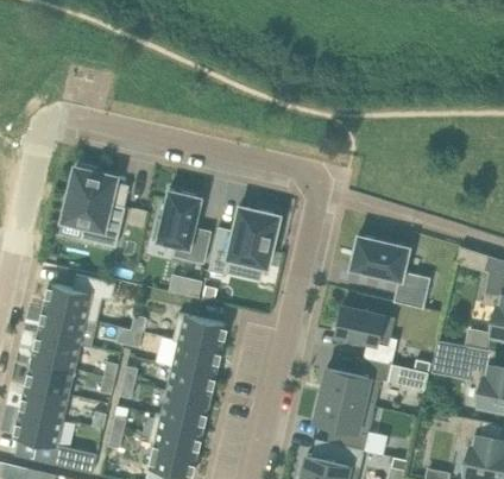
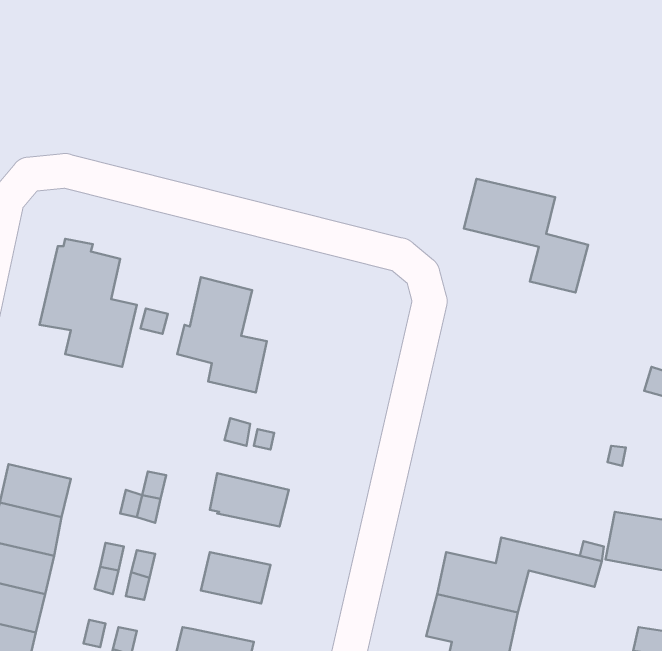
building: [208,206,279,275] -> none
building: [349,235,430,309] -> [464,179,588,293]
building: [43,275,113,321] -> none
building: [334,305,395,346] -> none
building: [174,342,219,376] -> none
building: [162,392,207,426] -> none

